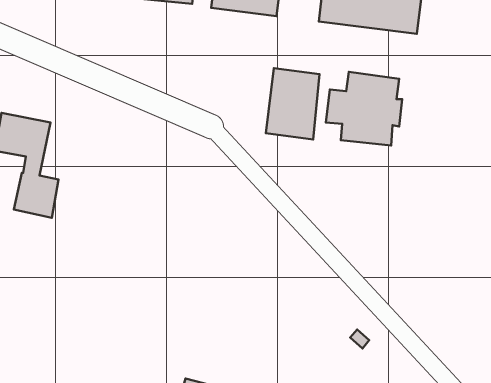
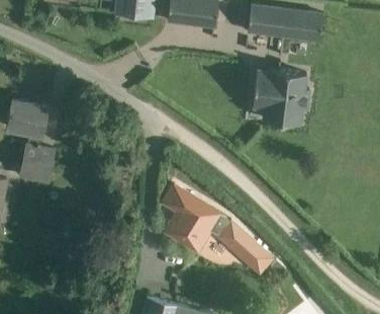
building: [266,68,320,140] -> none
building: none -> [161,183,274,274]

